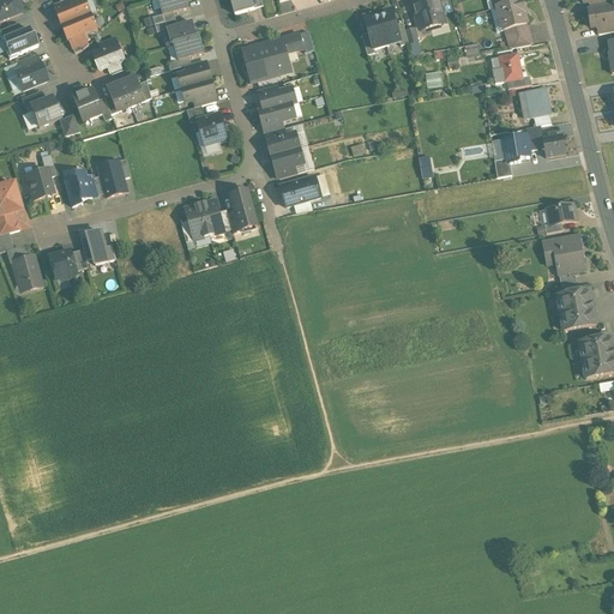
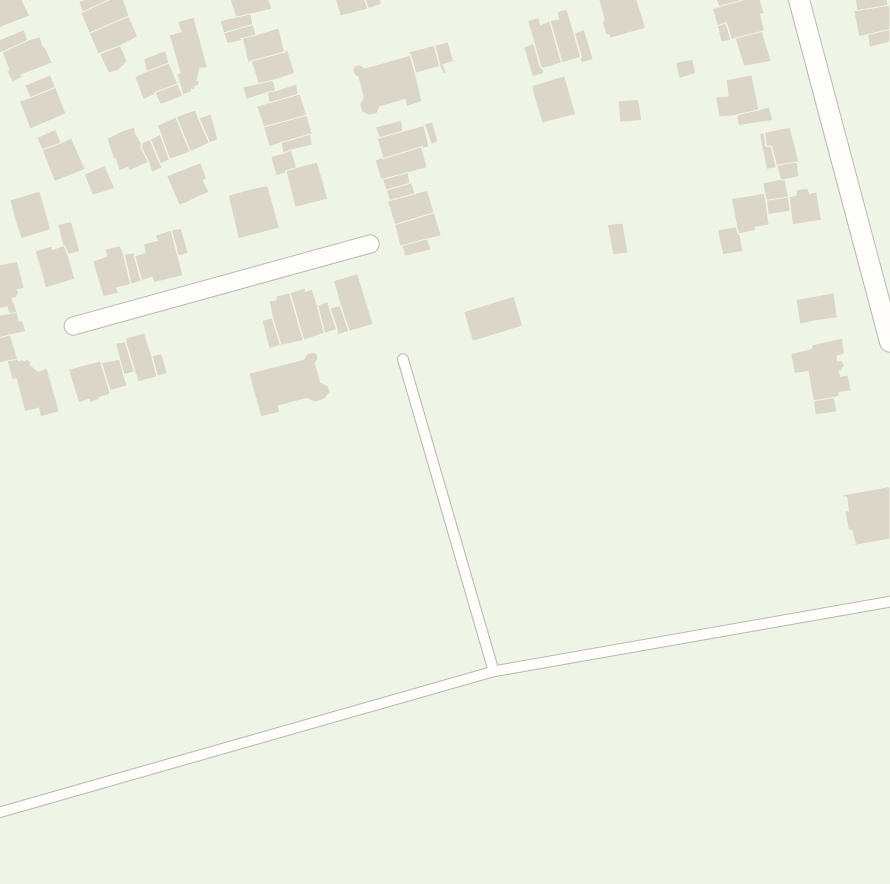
building: none -> [169,17,208,95]
building: none -> [532,75,576,123]
building: none -> [167,163,209,205]
building: none -> [228,185,280,239]
building: none -> [10,191,51,239]
building: [279,174,320,205] -> [463,296,523,342]
building: none -> [249,352,330,417]
building: [556,288,595,329] -> none

